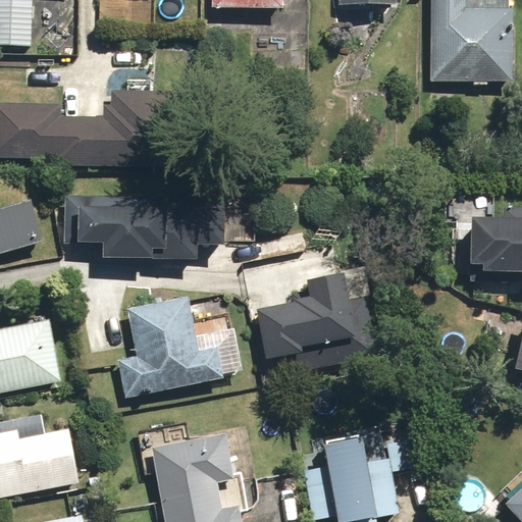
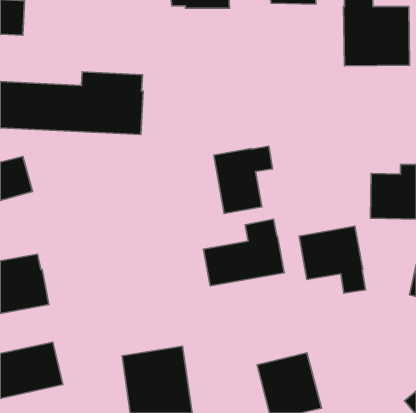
building: none -> [214,146,272,214]
building: [64,197,227,259] -> none
building: none -> [299,226,366,293]
building: [122,296,219,396] -> none

